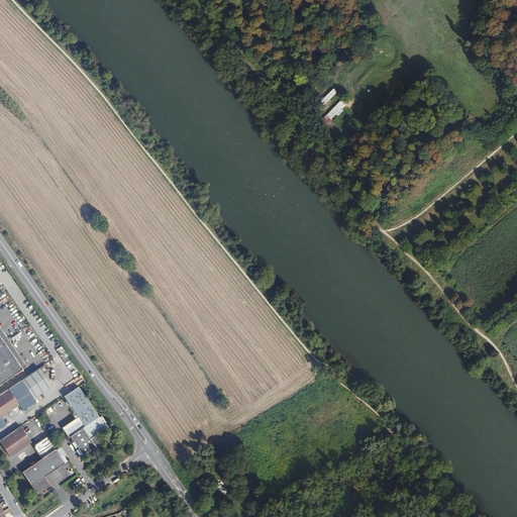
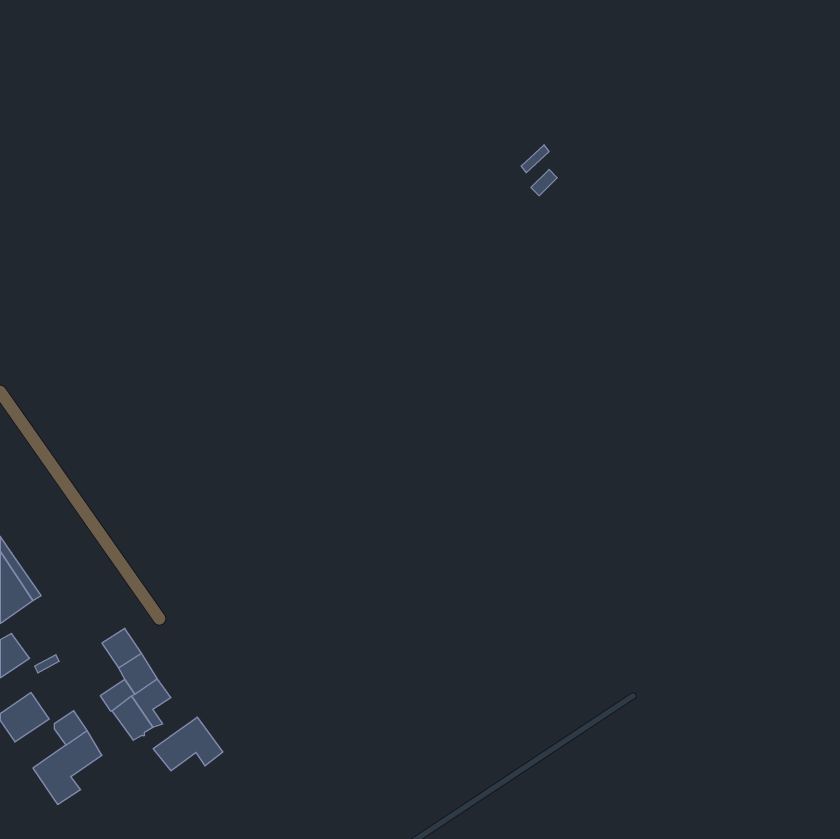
building: [19,369,49,399] -> none
building: none -> [153,717,223,771]

